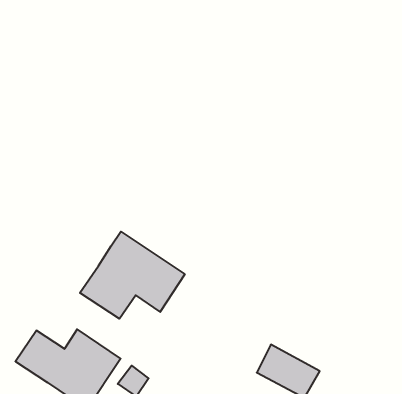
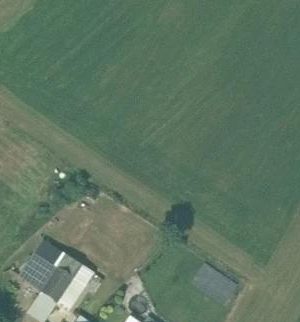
building: [80,232,185,319] -> none

